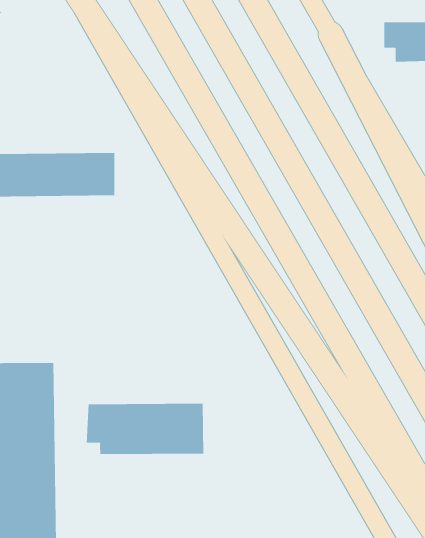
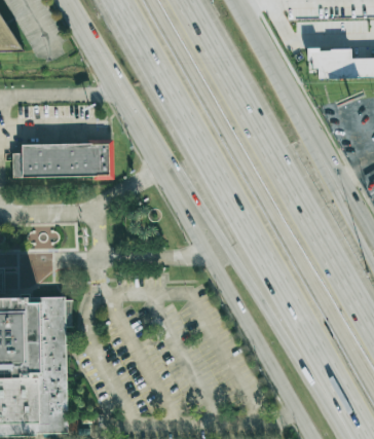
building: [86,403,204,455] -> none

